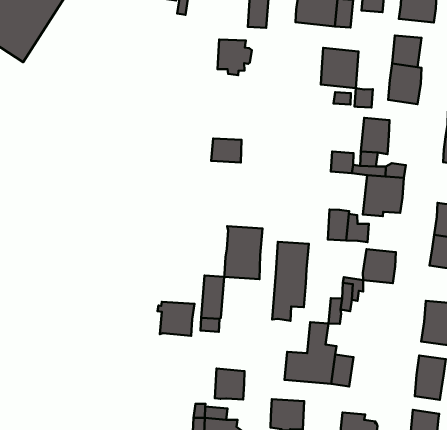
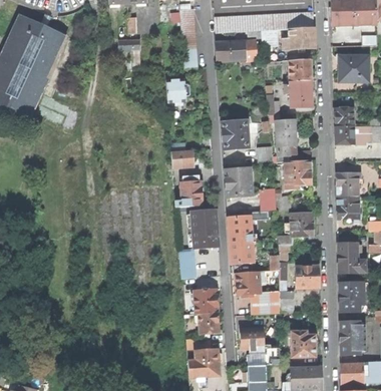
building: [321,48,358,88] -> [222,120,249,147]
building: none -> [226,167,252,194]
building: none -> [181,180,203,206]
building: [158,302,194,336] -> [192,288,218,313]
building: none -> [236,270,260,293]
building: none -> [295,265,319,287]

